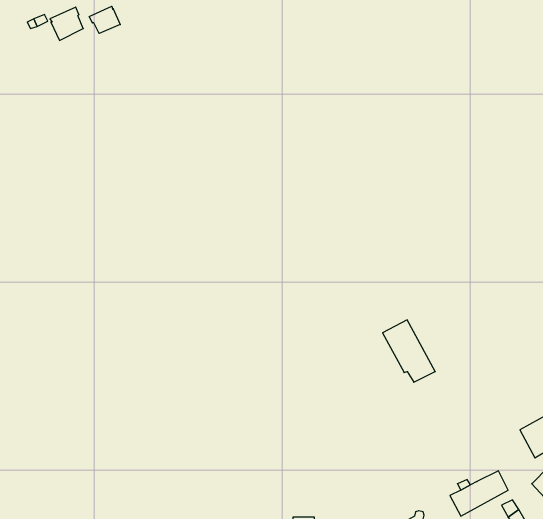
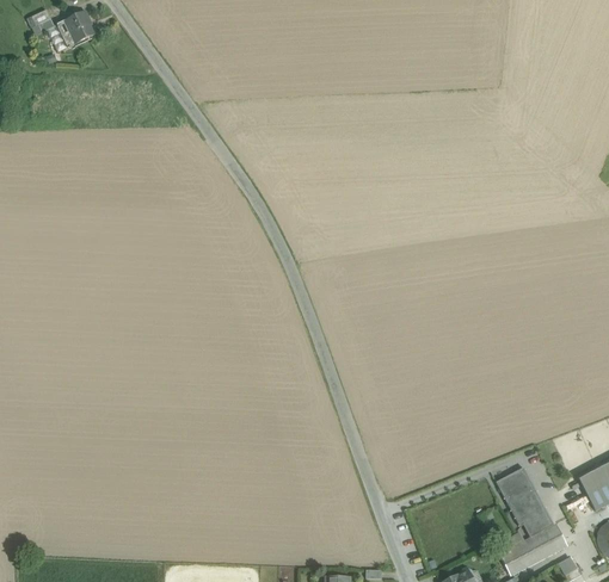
building: [89,6,120,33] -> none
building: [383,320,435,382] -> [496,466,554,535]

